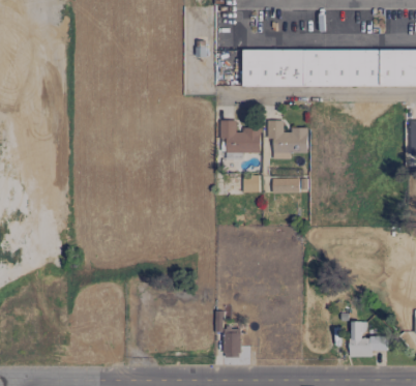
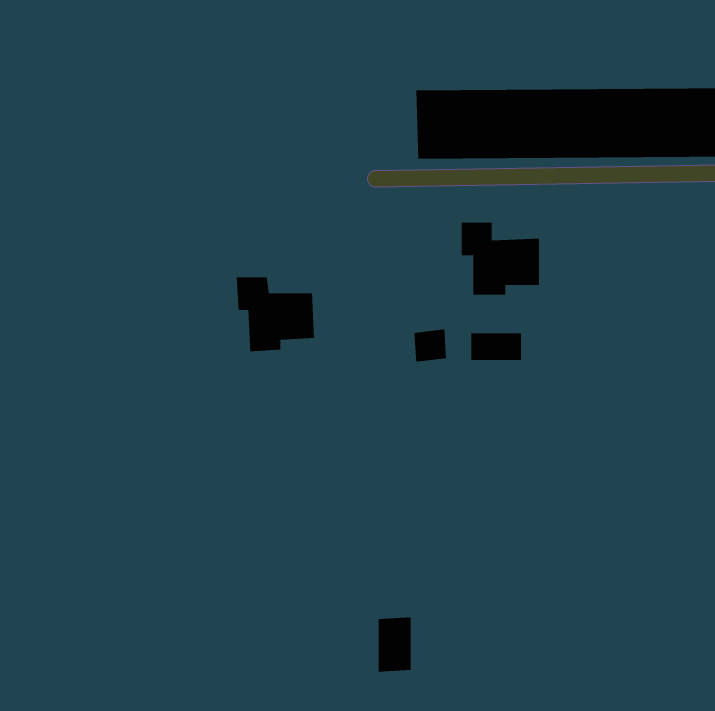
building: [219,120,261,159] -> [236,277,315,352]
building: [350,321,387,357] -> none

